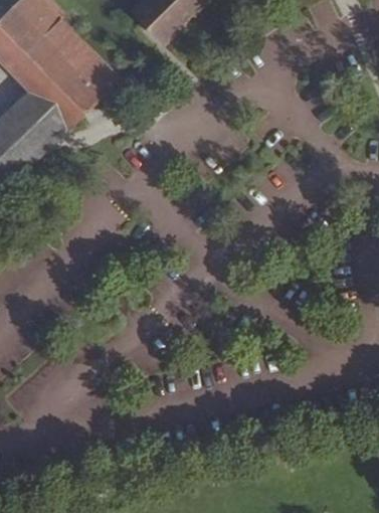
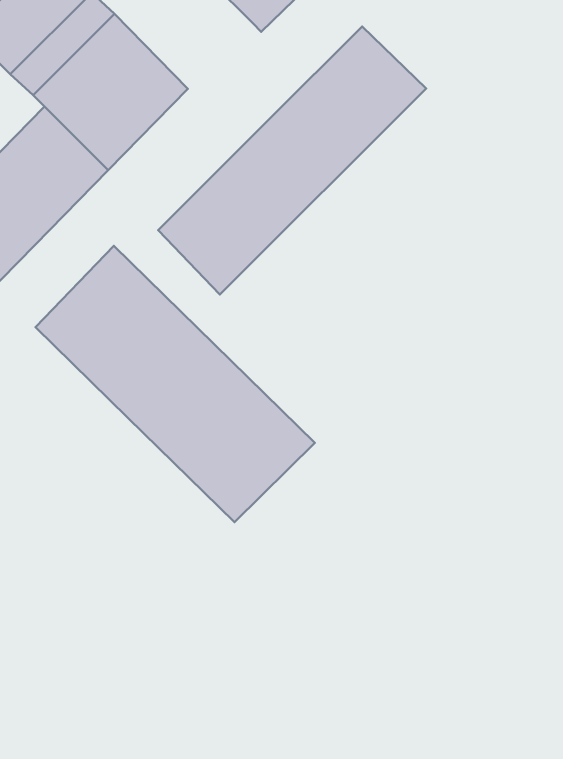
building: none -> [158,26,426,295]
building: none -> [35,246,315,522]

